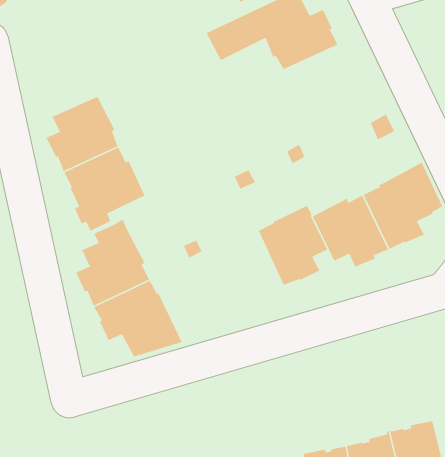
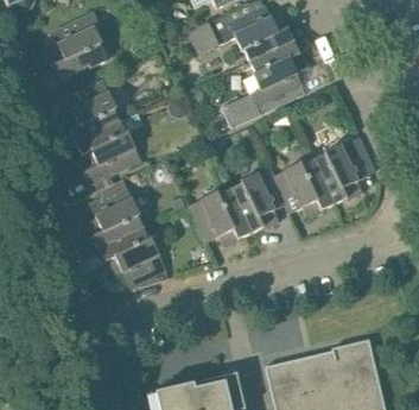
building: none -> [46,12,106,77]
building: none -> [223,40,307,128]
building: none -> [188,188,249,246]

